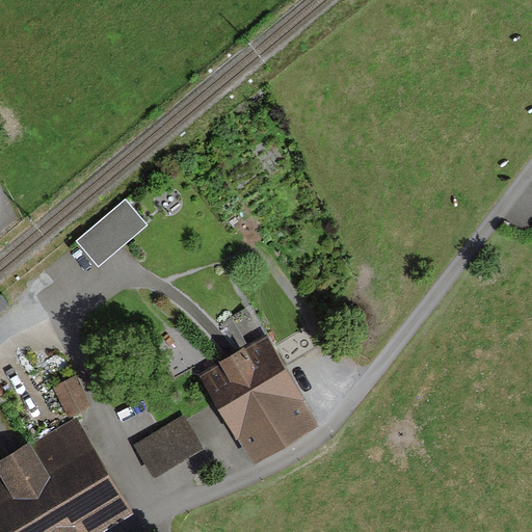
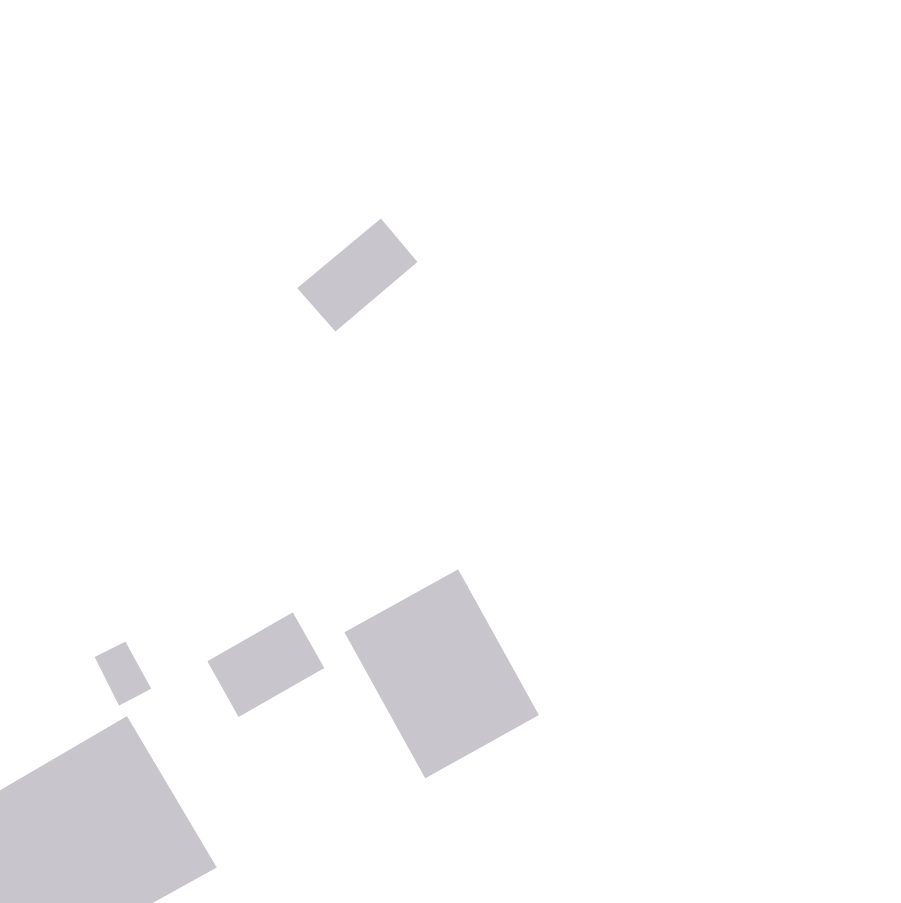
building: [74,201,145,268] -> [296,217,418,333]
building: [133,415,203,477] -> [206,612,325,718]

